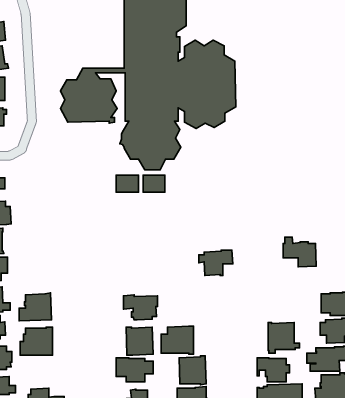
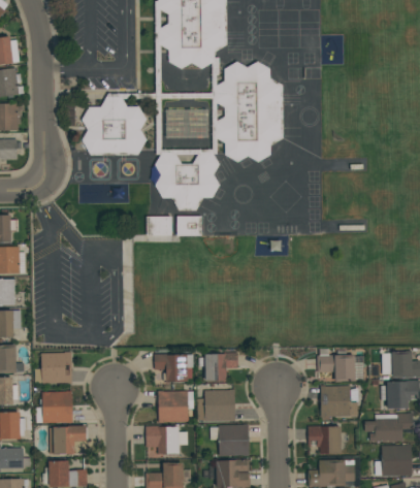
building: [283,237,316,267] -> [317,349,355,383]
building: [199,250,233,275] -> [198,353,237,382]
building: none -> [53,426,88,455]

